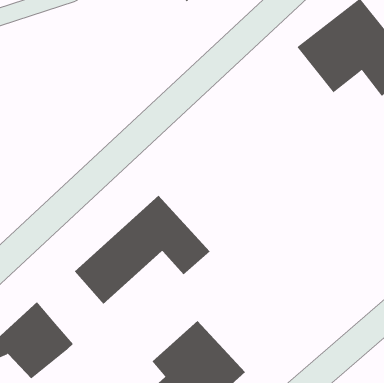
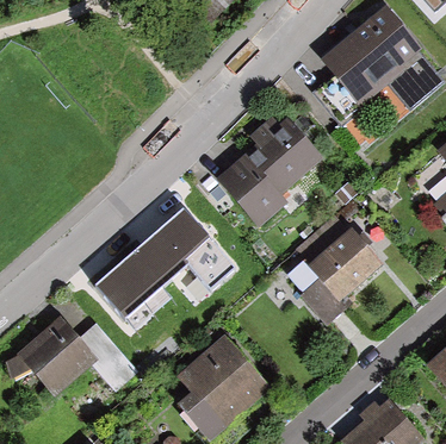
building: none -> [219,119,322,224]
building: none -> [299,229,380,326]
building: none -> [79,325,134,389]

